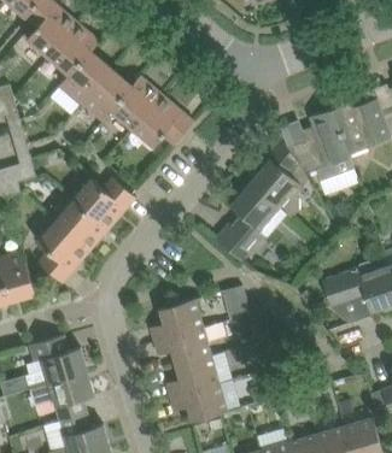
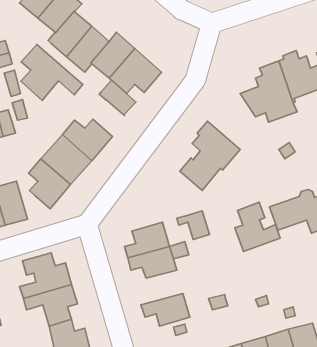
building: none -> [21,44,83,100]
building: none -> [99,80,136,115]
building: [247,139,306,218] -> none
building: none -> [235,202,280,251]
building: [165,355,218,396] -> none

